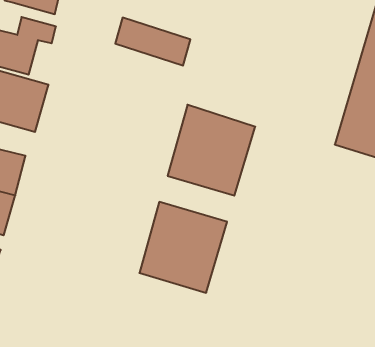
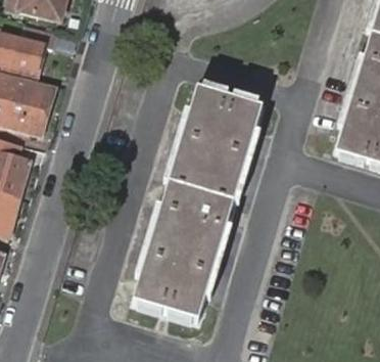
building: [115,18,190,66] -> [188,84,262,131]
building: none -> [160,179,234,224]
building: none -> [133,274,206,319]

